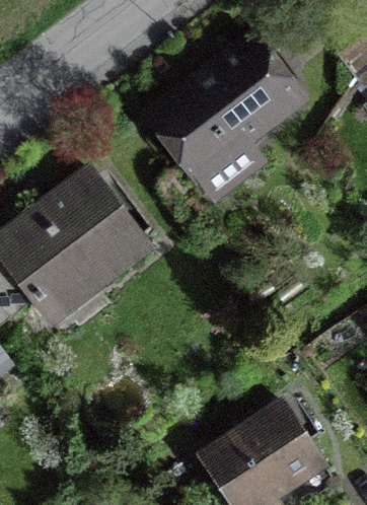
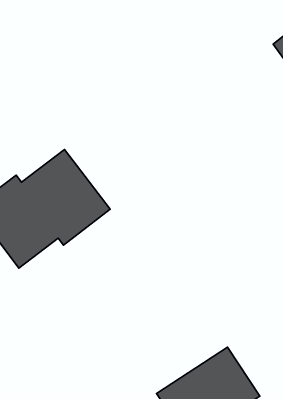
building: [156,43,295,165] -> none

